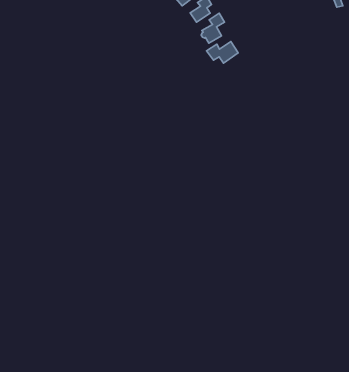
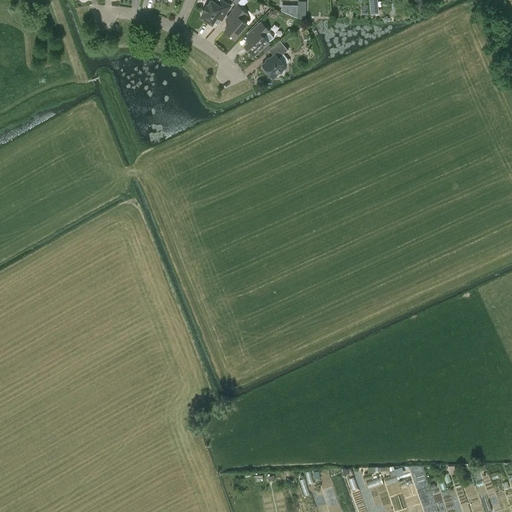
building: [207,42,238,63] -> none

